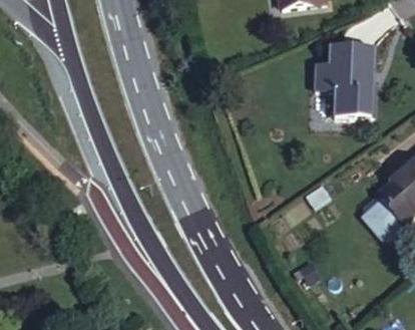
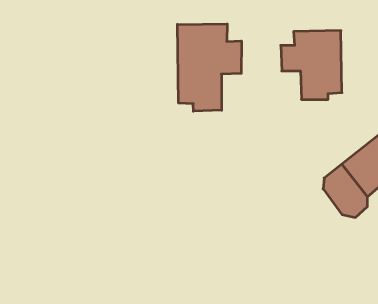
building: none -> [177,24,241,111]

